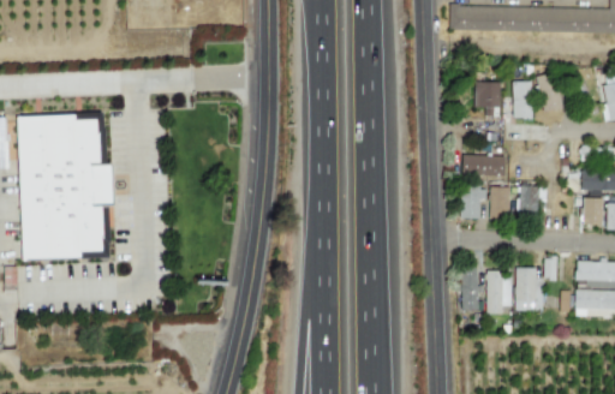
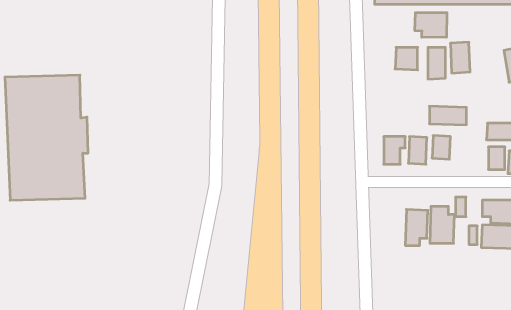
building: none -> [415,13,447,37]
building: [461,154,504,175] -> [429,106,466,125]
building: [460,267,478,310] -> none

